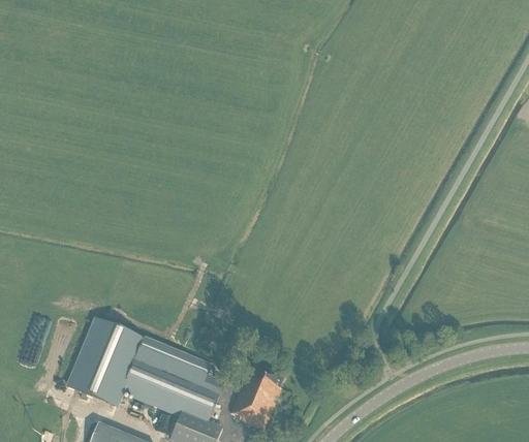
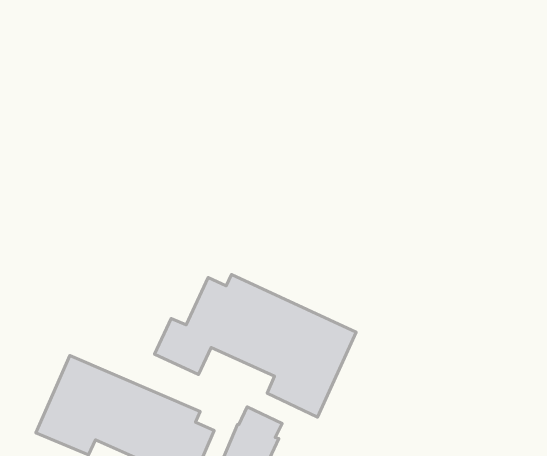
building: none -> [155,274,356,417]

